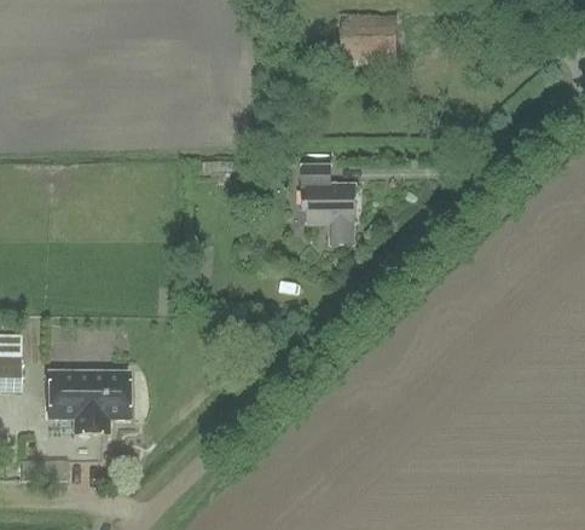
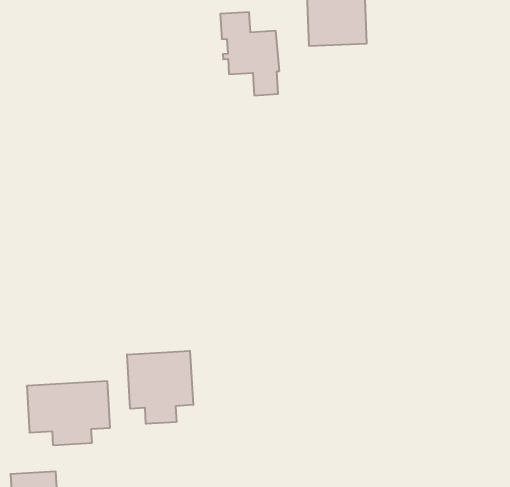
building: [301,163,354,243] -> [220,12,279,95]
building: none -> [127,351,193,424]

